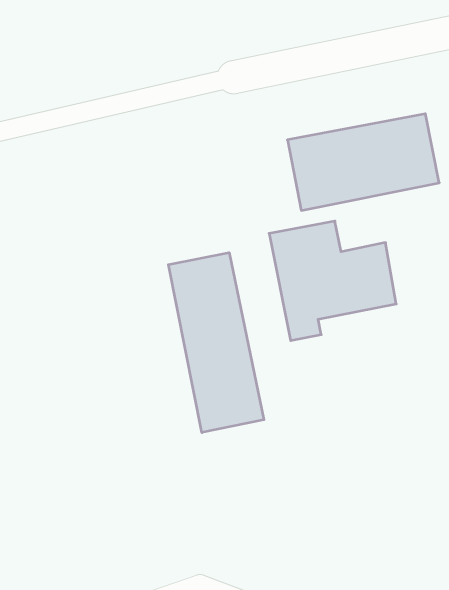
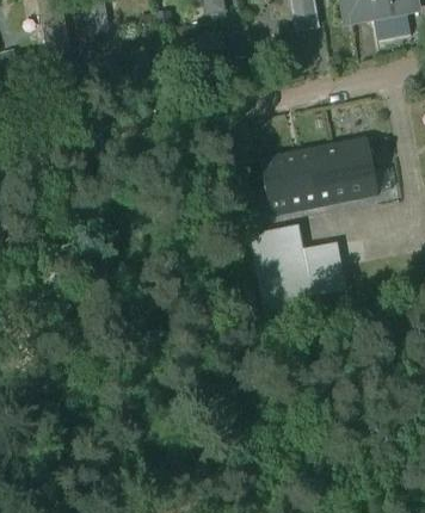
building: [168,253,264,433] -> none

